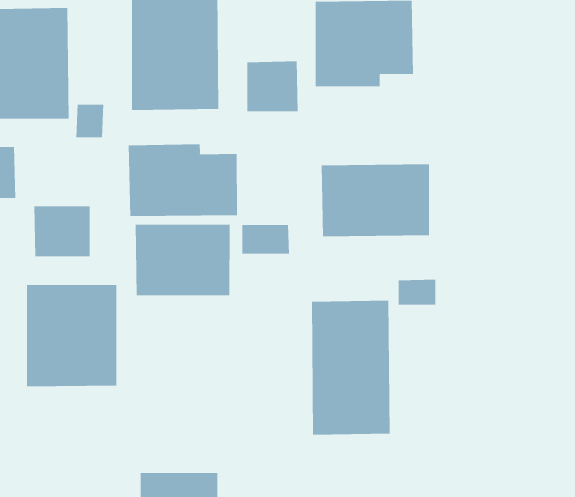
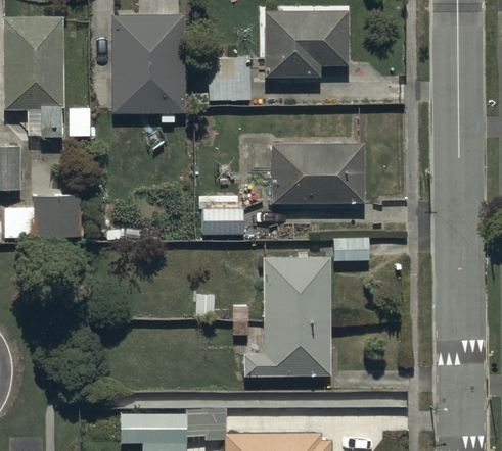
building: [128,143,238,217] -> none
building: [135,224,230,296] -> none
building: [26,284,117,387] -> none

